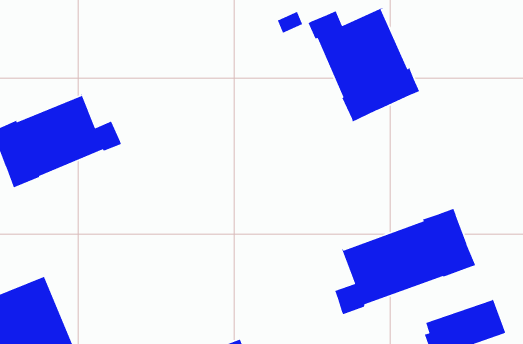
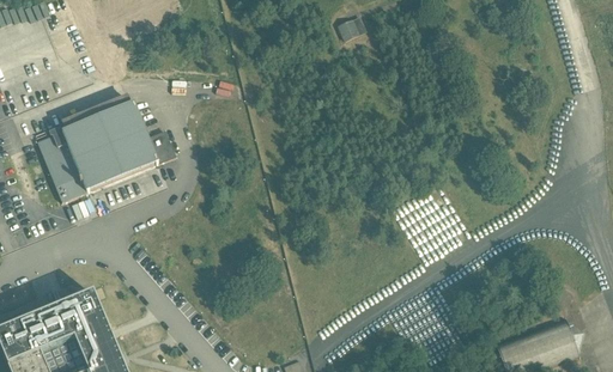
building: [307,7,420,123] -> none
building: [334,208,476,315] -> none

